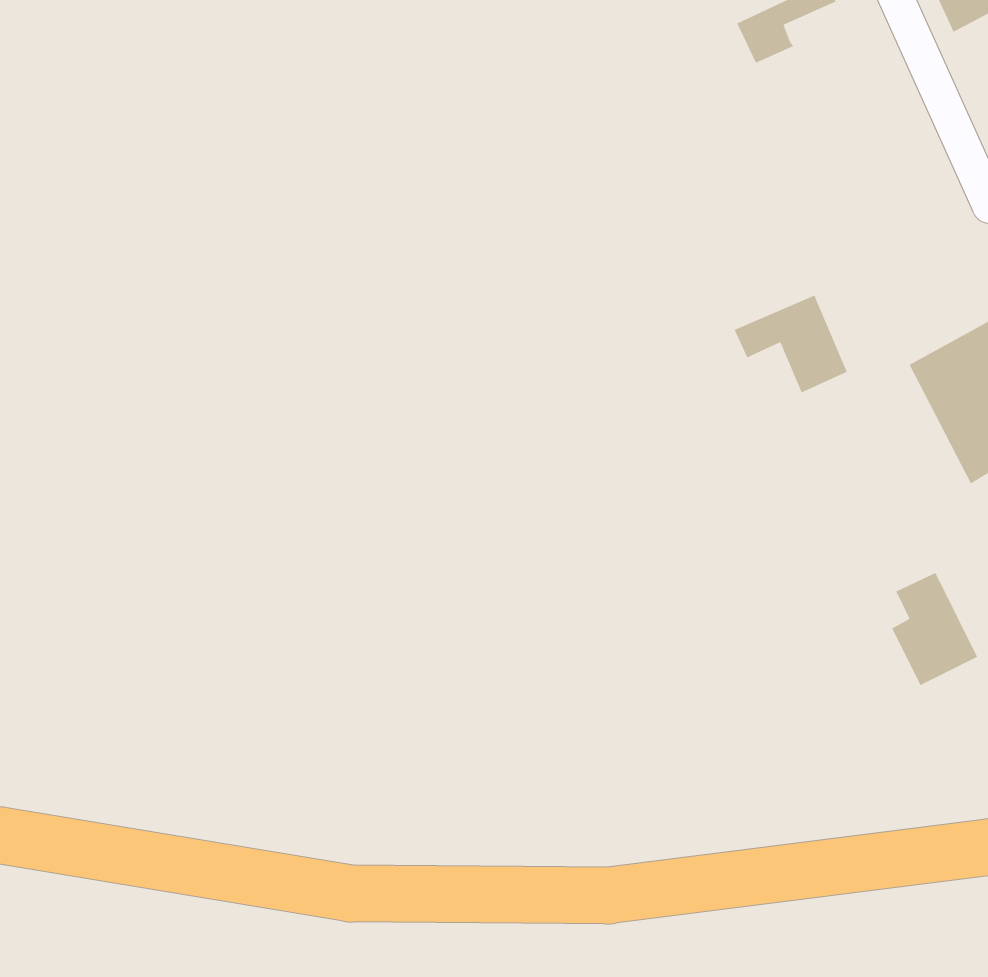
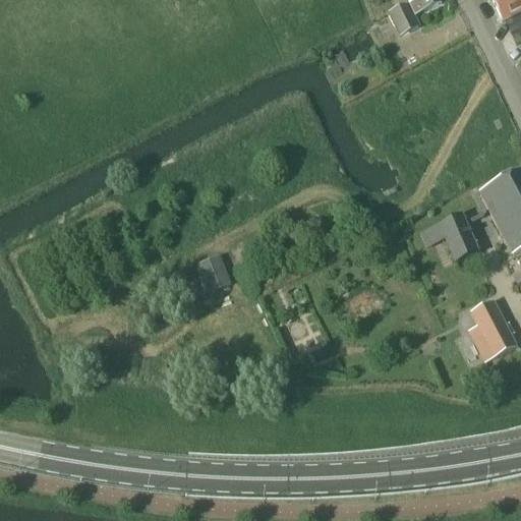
building: [733,295,848,393] -> [419,211,479,263]
building: none -> [198,252,230,290]

